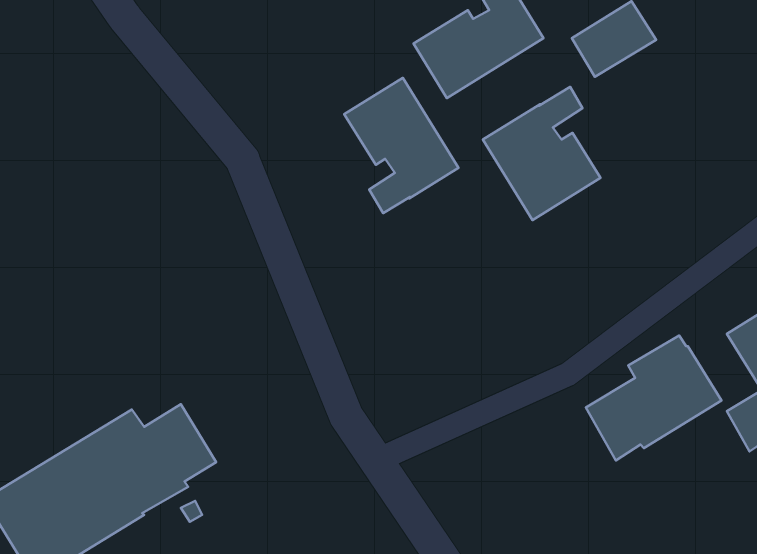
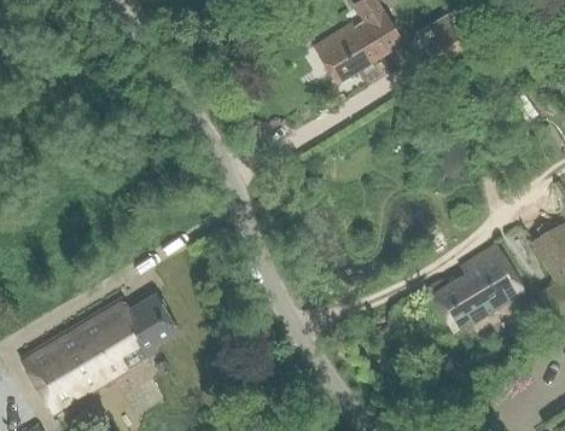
building: [344,78,459,213] -> none
building: [483,87,601,220] -> none

